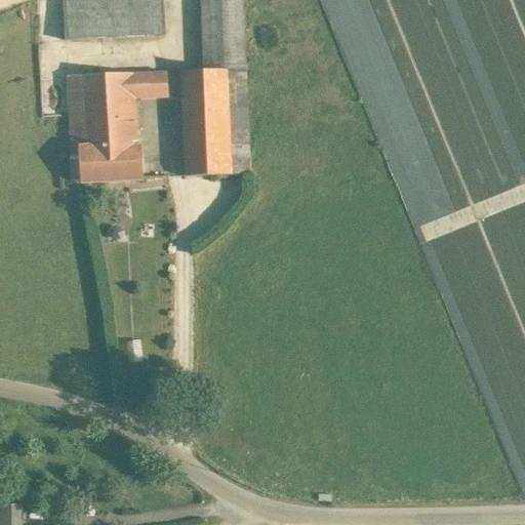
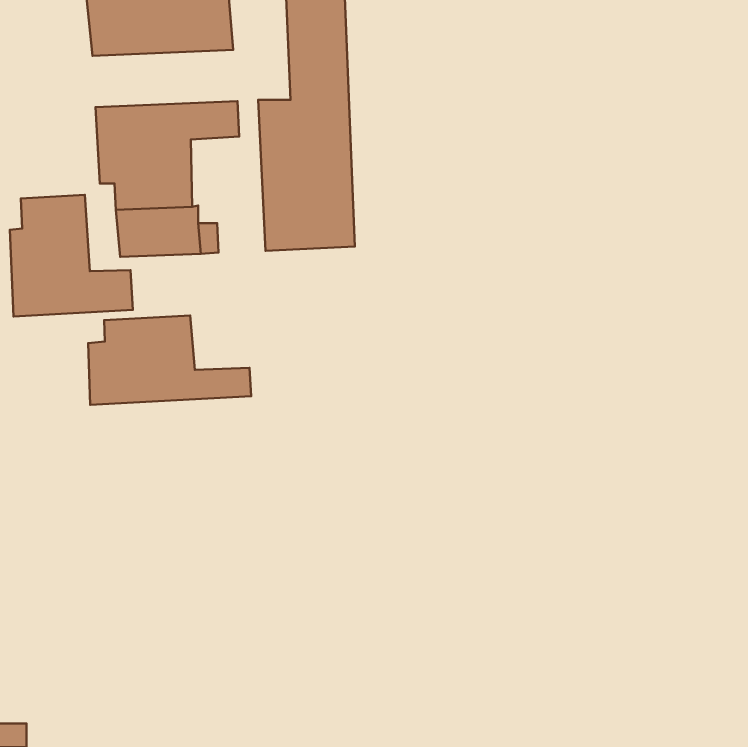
building: none -> [10,195,133,316]
building: none -> [88,315,251,405]

